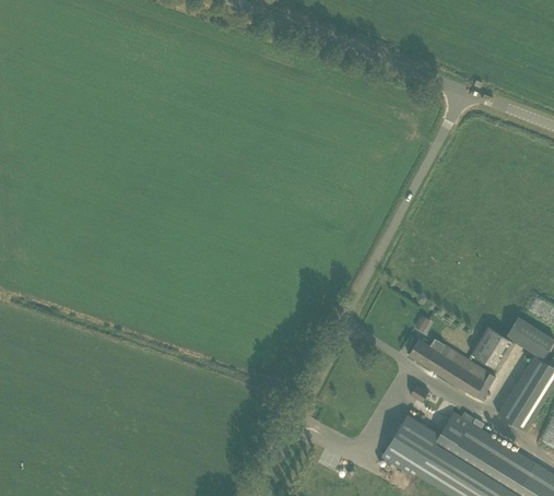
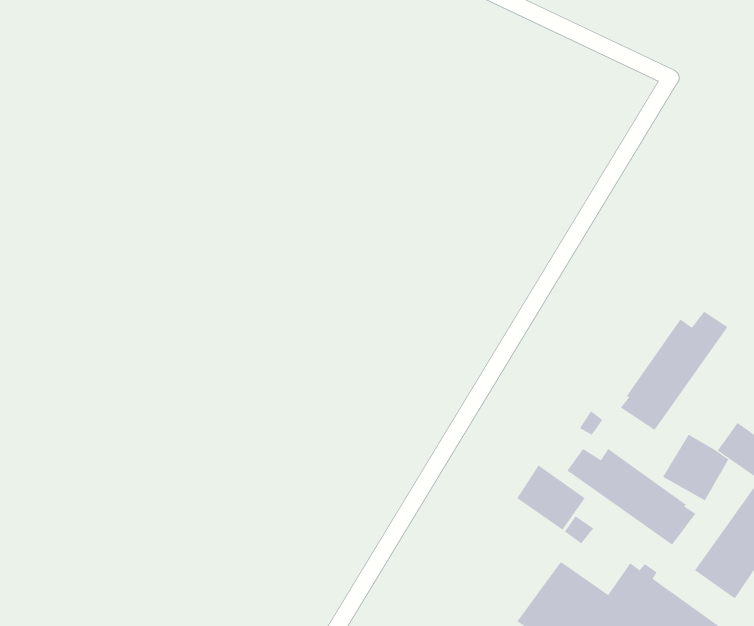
building: none -> [620,311,728,431]
building: none -> [517,464,586,530]

